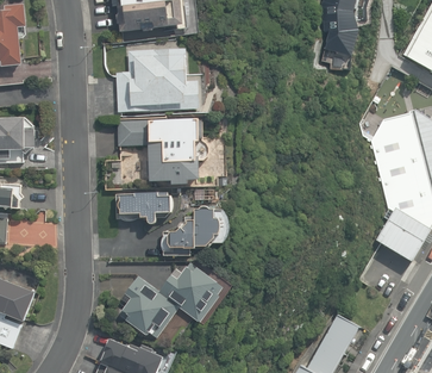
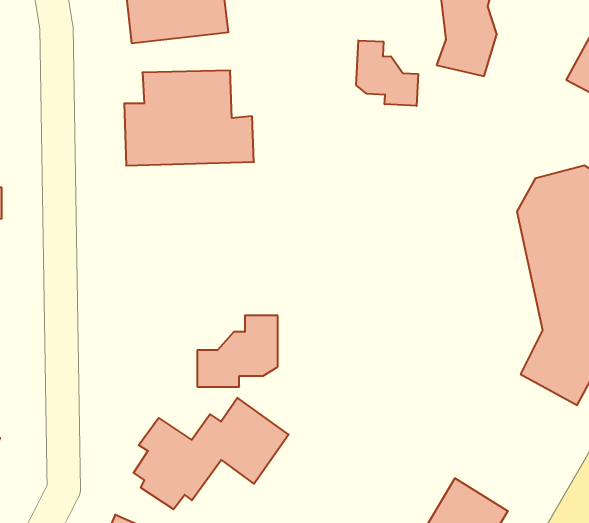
building: none -> [356,40,418,106]
building: [117,119,202,187] -> none
building: [114,193,169,223] -> none

